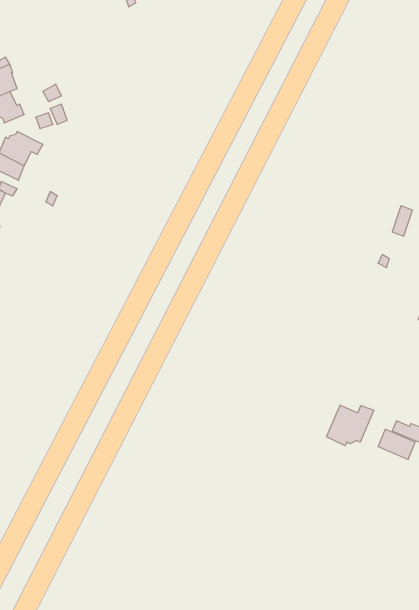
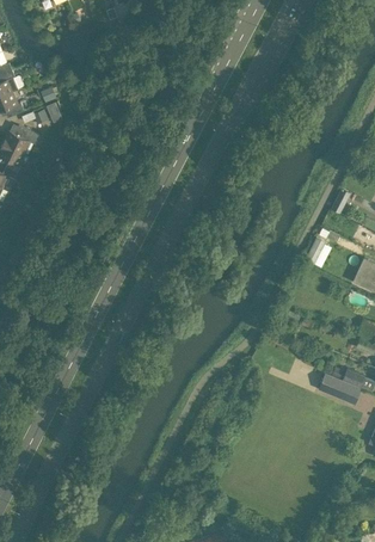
building: [327,405,374,446] -> none

